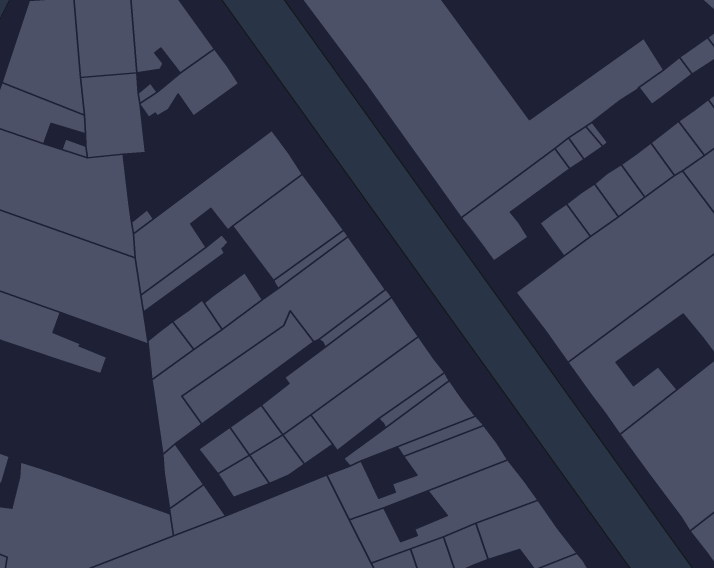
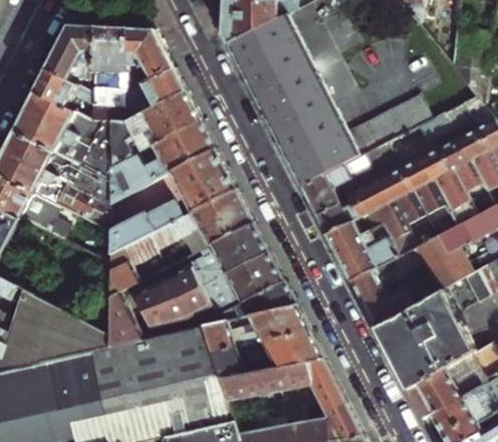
building: none -> [107,89,197,151]
building: none -> [314,199,355,235]

